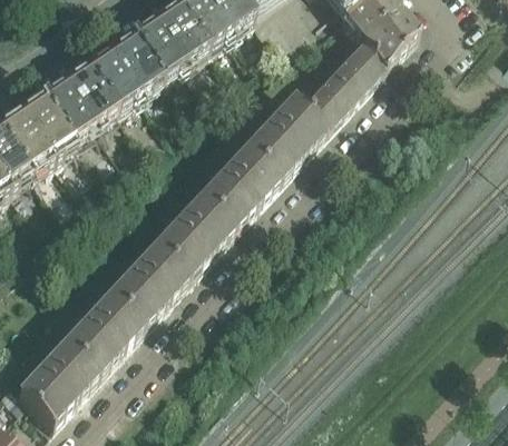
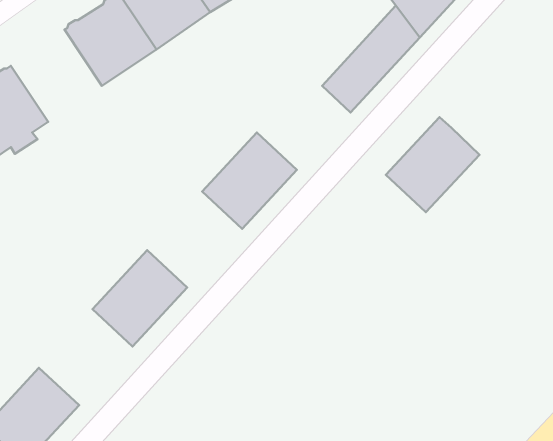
building: [40,63,116,140] -> none
building: [245,101,323,180] -> [386,117,479,212]
building: [154,198,233,278] -> none
building: [63,296,141,376] -> none

